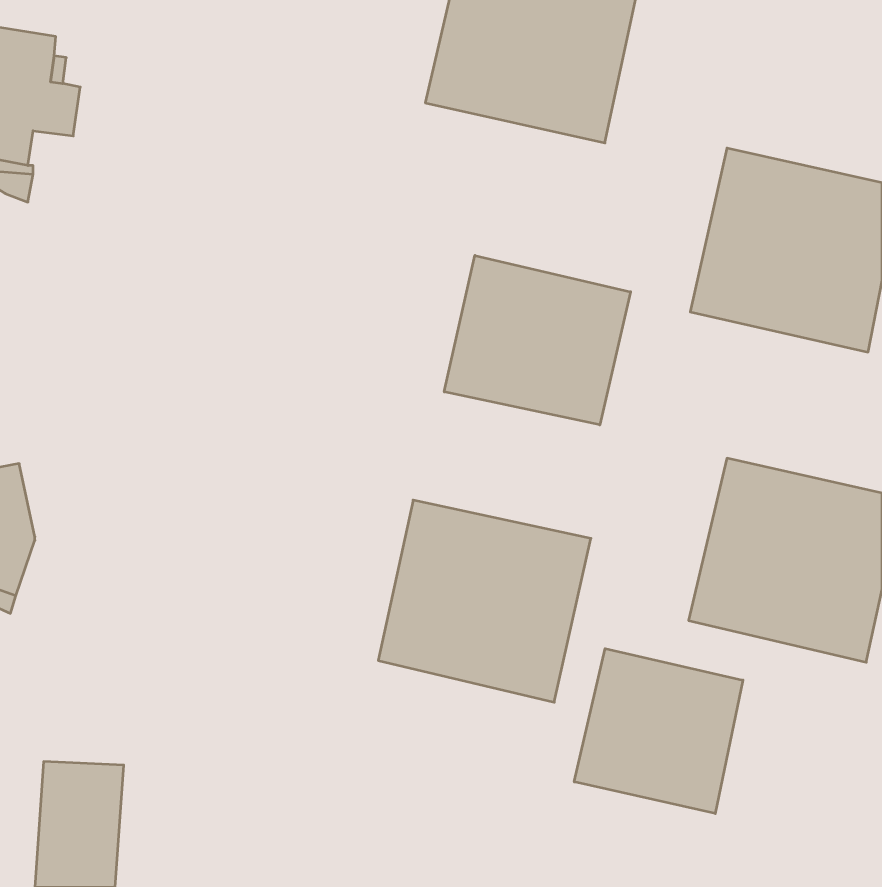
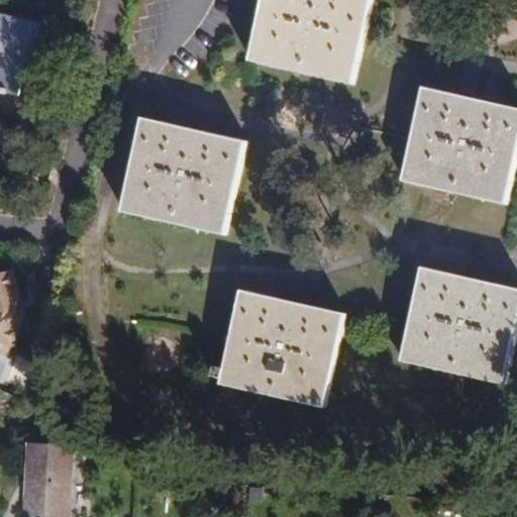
building: none -> [119,117,244,234]
building: [444,255,631,425] -> none
building: [574,649,743,814] -> none

